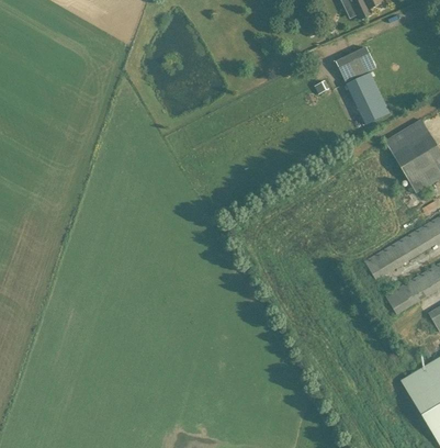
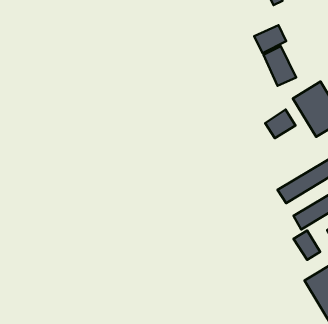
building: none -> [265,109,295,138]
building: none -> [293,230,320,260]

